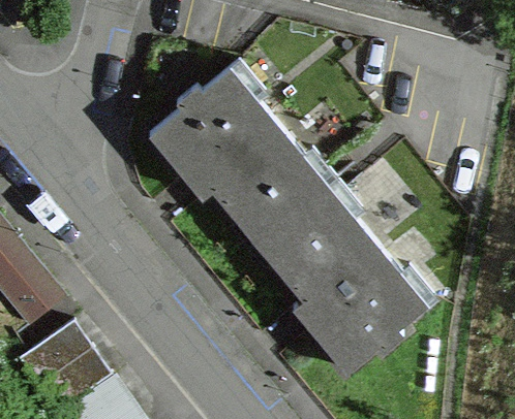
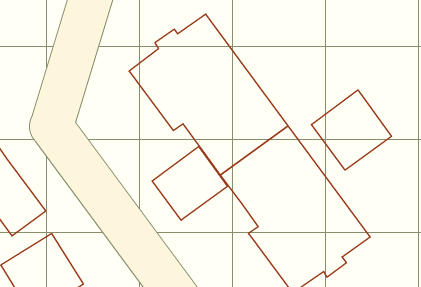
building: none -> [311,90,391,170]
building: none -> [152,146,227,220]

